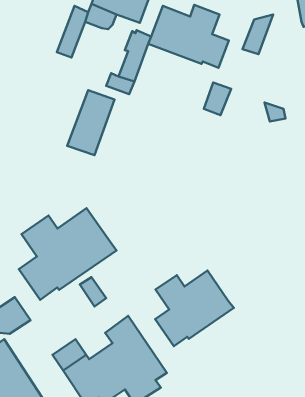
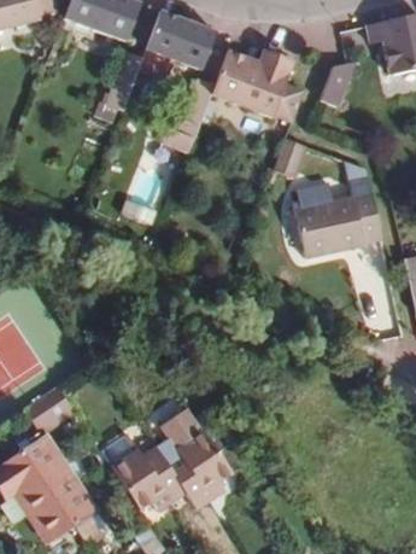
building: none -> [294,183,382,258]
building: [19,208,117,300] -> none
building: [155,271,234,346] -> none

